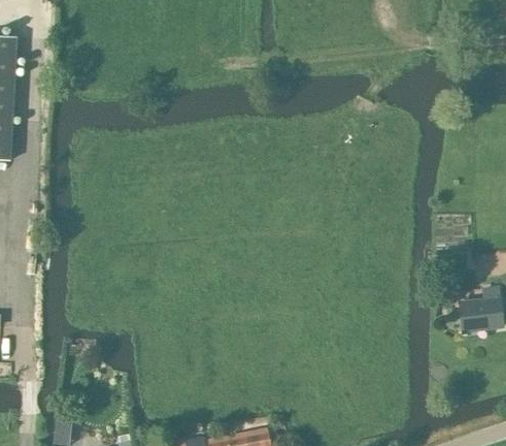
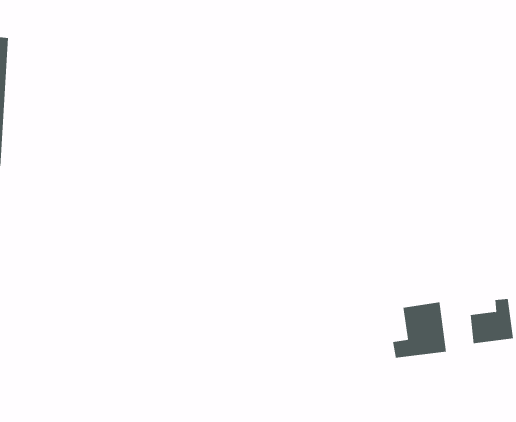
building: none -> [392,302,447,359]

